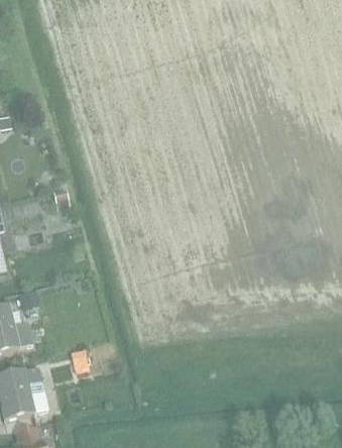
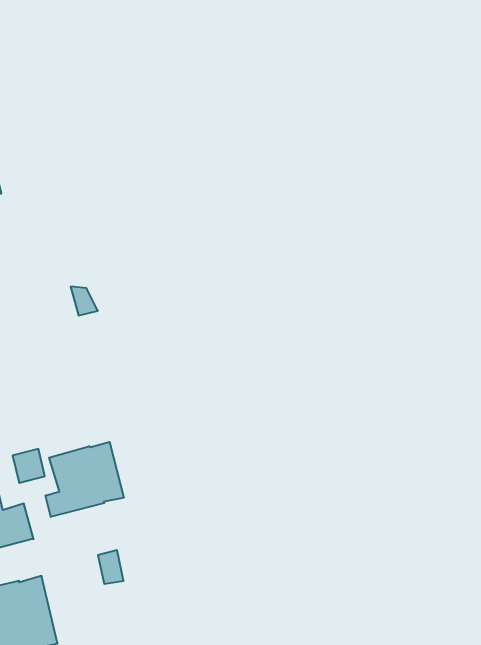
building: none -> [46,442,124,517]

